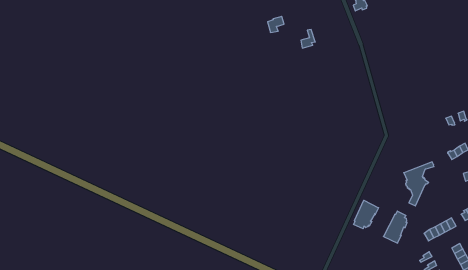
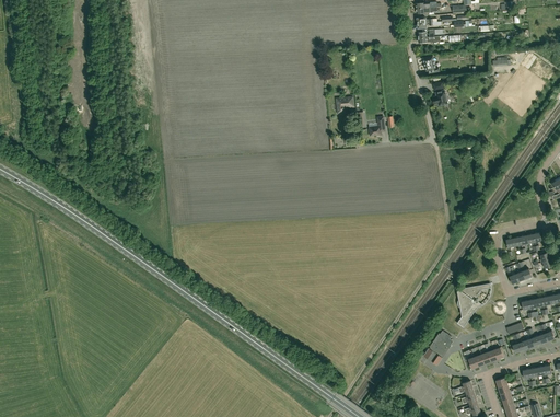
building: [354,200,379,229] -> none

